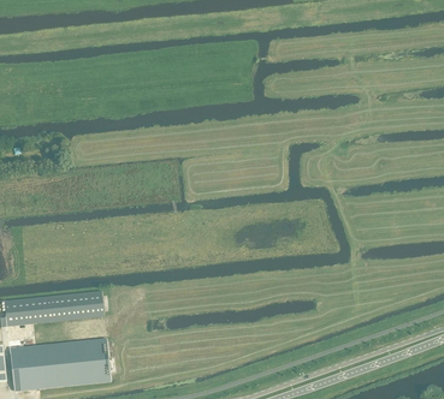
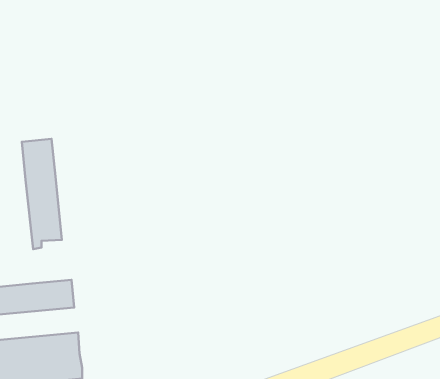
building: none -> [22,139,62,249]

